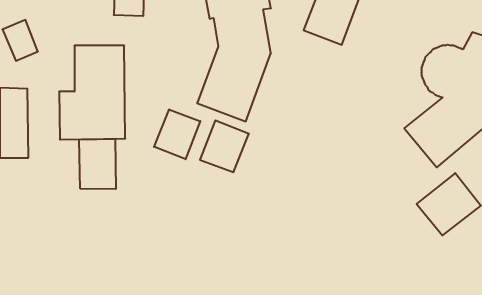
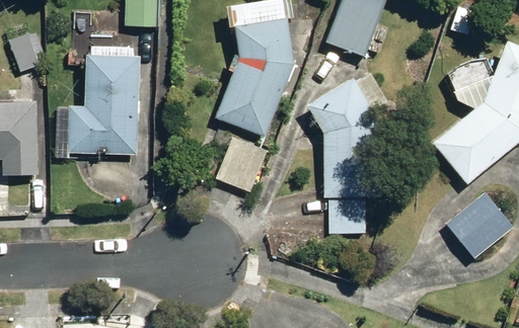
building: none -> [304,72,386,233]
building: [154,109,200,159] -> none
building: [79,139,116,189] -> none

